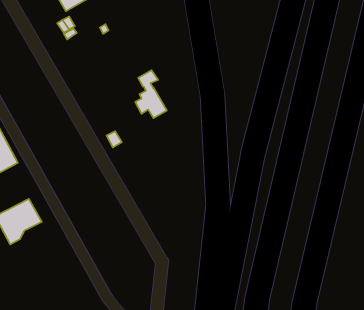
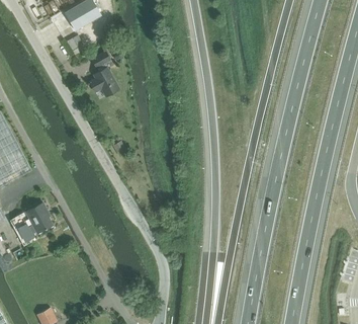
building: [135,70,167,118] -> [89,52,118,96]

